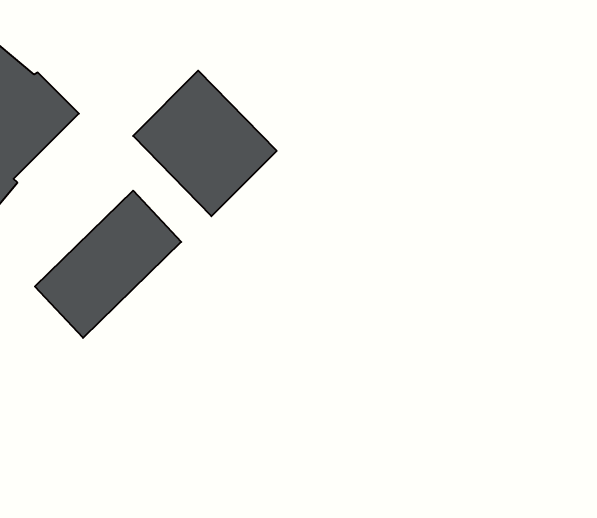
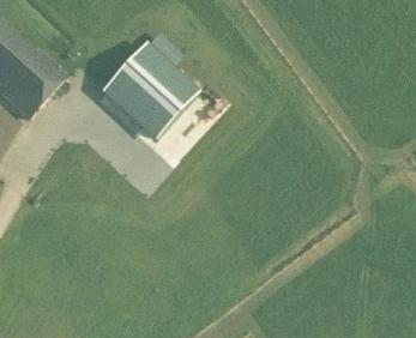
building: [35,191,181,338] -> none

